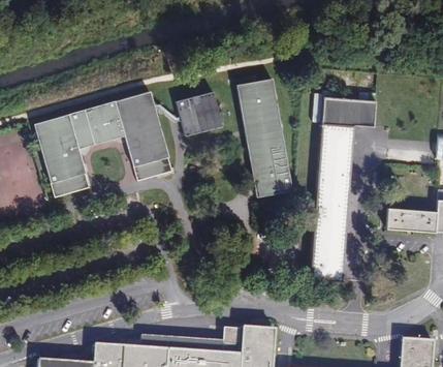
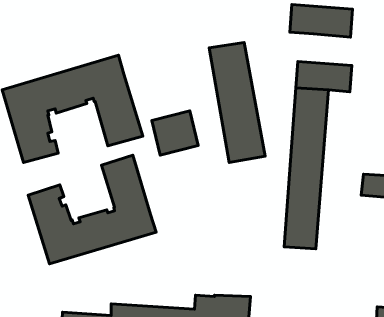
building: none -> [290,4,352,37]
building: [178,91,223,134] -> [152,111,198,155]
building: none -> [28,155,156,264]

